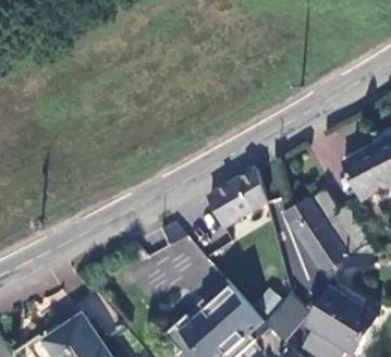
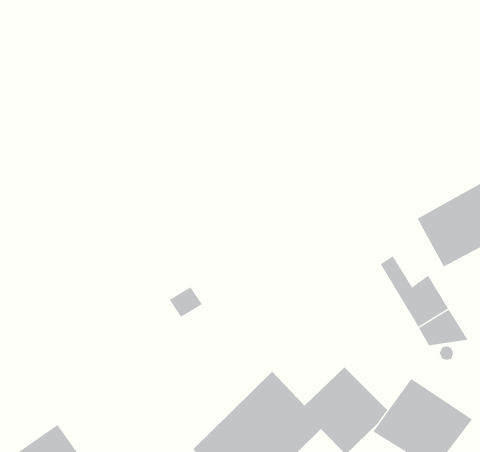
building: [205,173,267,227] -> none
building: [282,202,344,279] -> none

